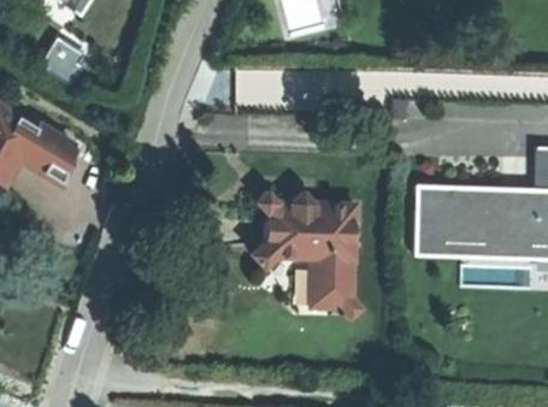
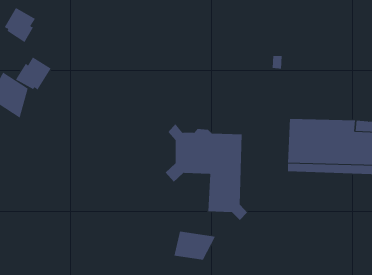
building: none -> [15,57,52,90]
building: none -> [174,230,216,261]

